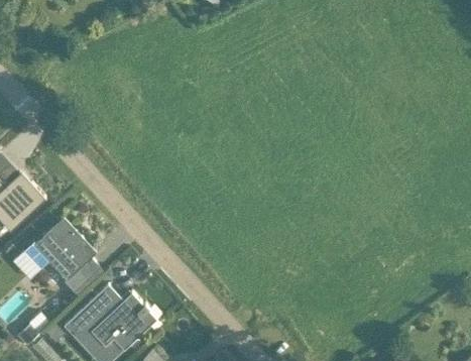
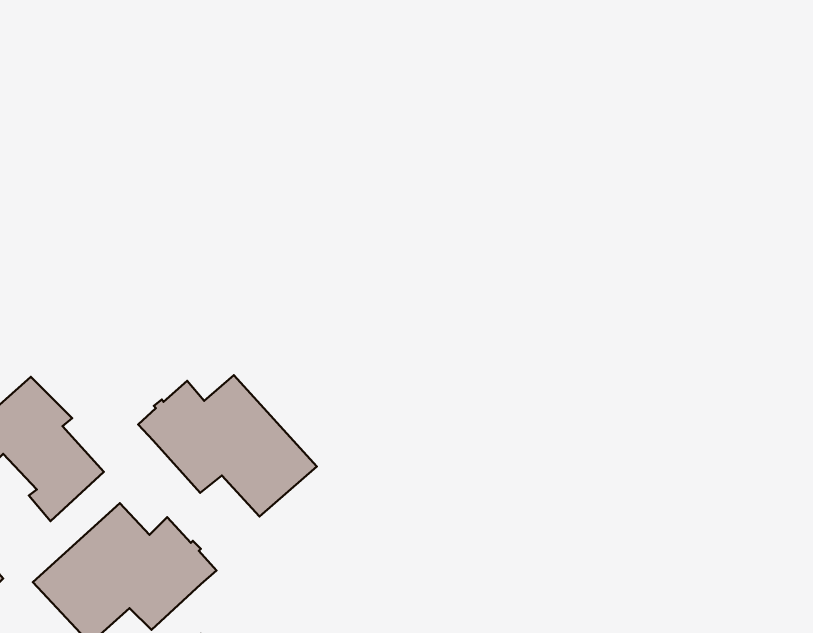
building: none -> [138,375,317,517]

